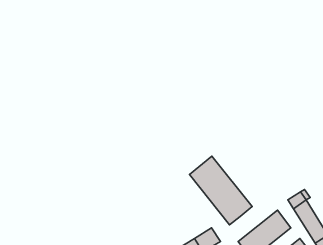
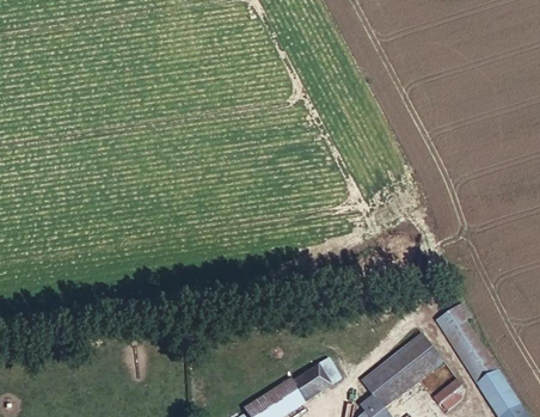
building: [190,156,252,225] -> none

